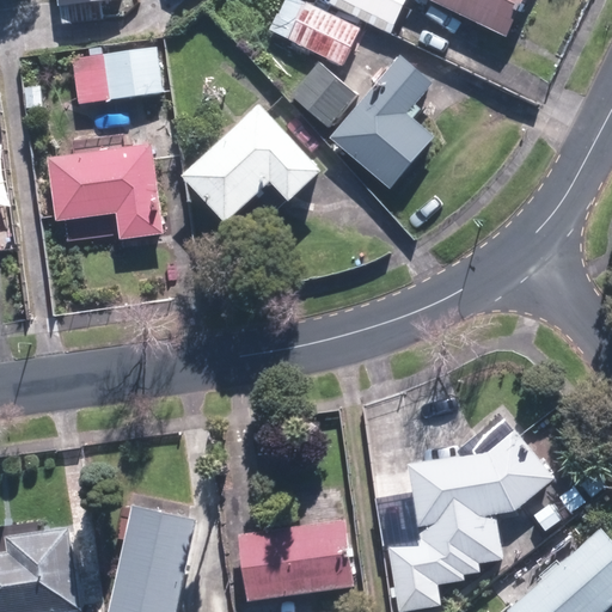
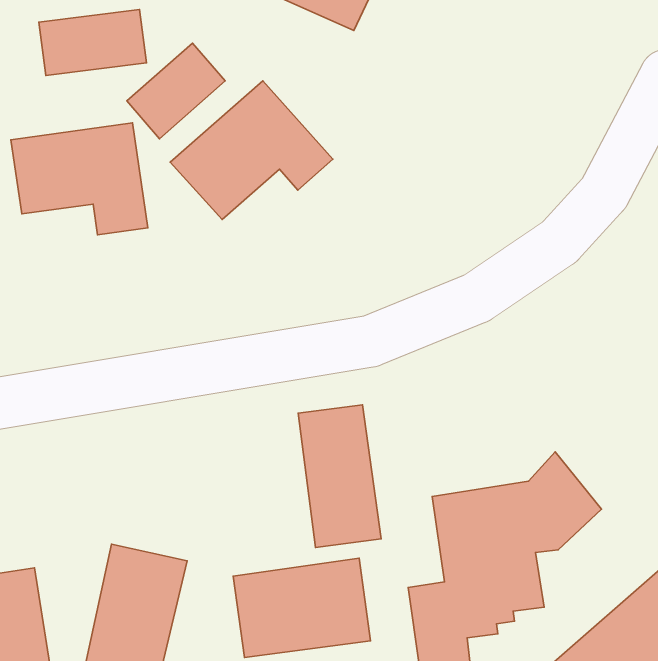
building: [326,54,434,189] -> none
building: [287,61,351,124] -> none
building: none -> [127,43,225,139]
building: none -> [298,405,381,548]

